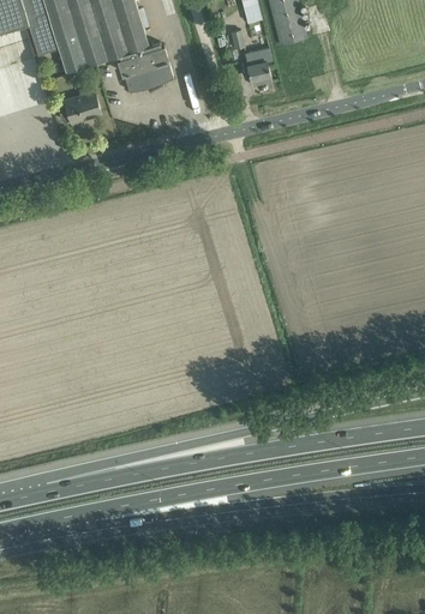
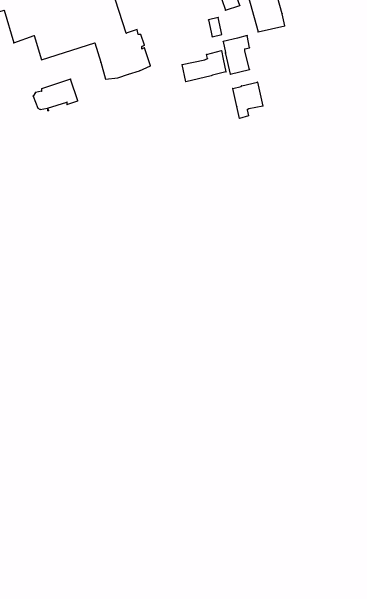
building: none -> [182,51,226,82]
building: none -> [233,82,263,118]

